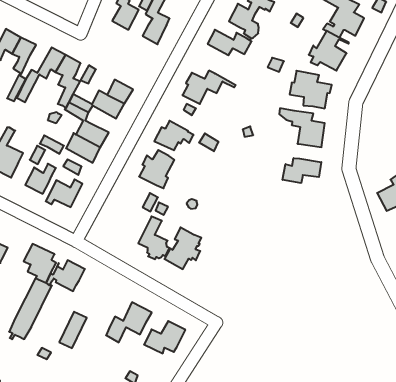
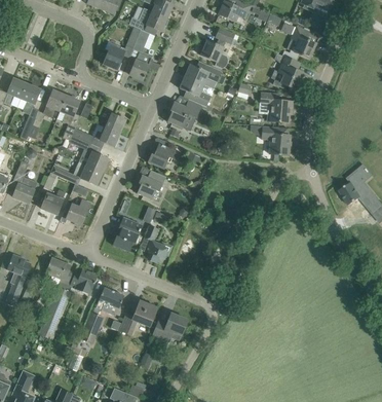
building: none -> [180,76,213,109]
building: [283,158,321,183] -> none
building: [164,227,201,269] -> [112,217,142,252]
building: none -> [96,288,124,316]

